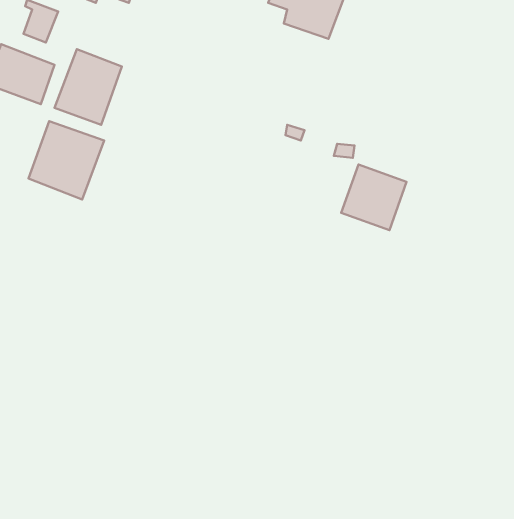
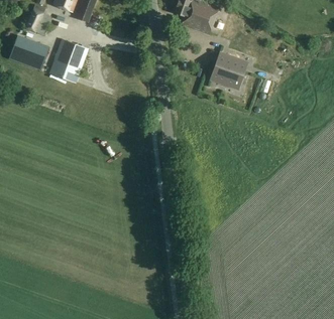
building: [28,121,104,200] -> none
building: [341,165,407,230] -> [210,51,248,90]

